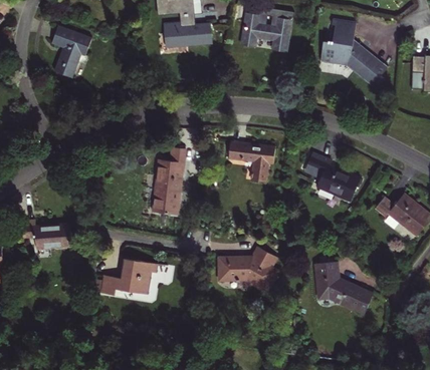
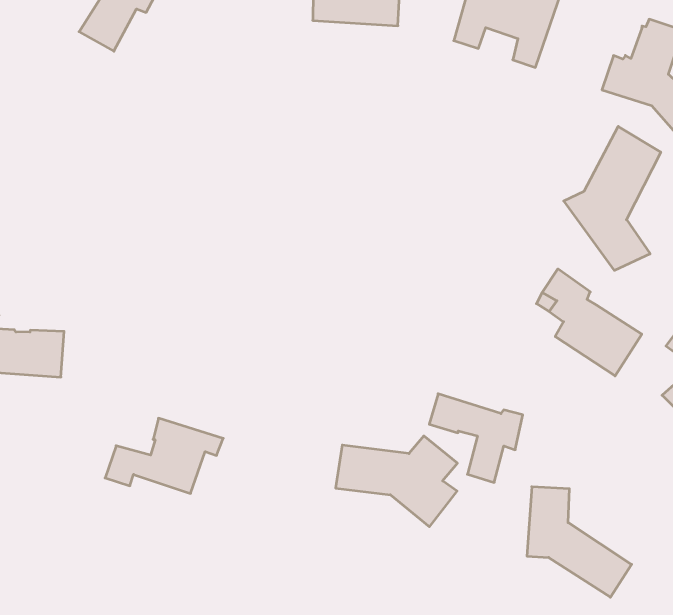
building: none -> [564,126,661,270]
building: [228,141,274,181] -> [429,394,523,482]
building: [152,146,186,215] -> none

